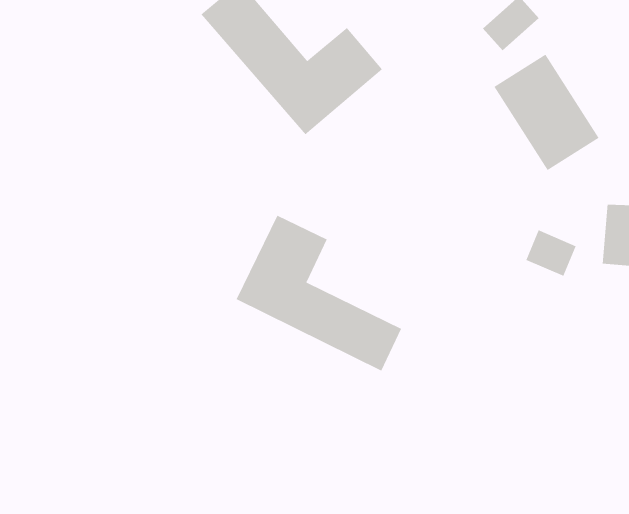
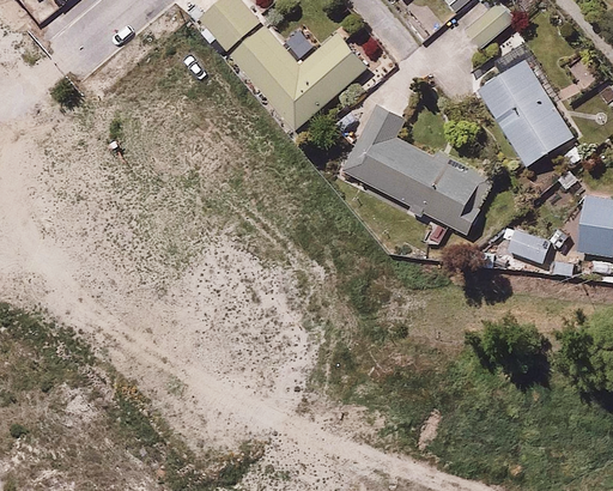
building: none -> [340,97,493,234]
building: [236,215,402,371] -> none

